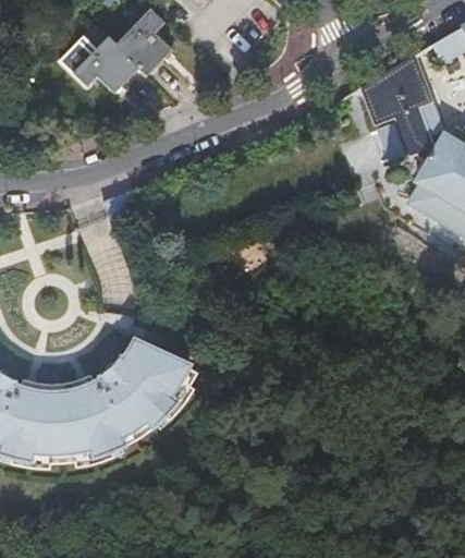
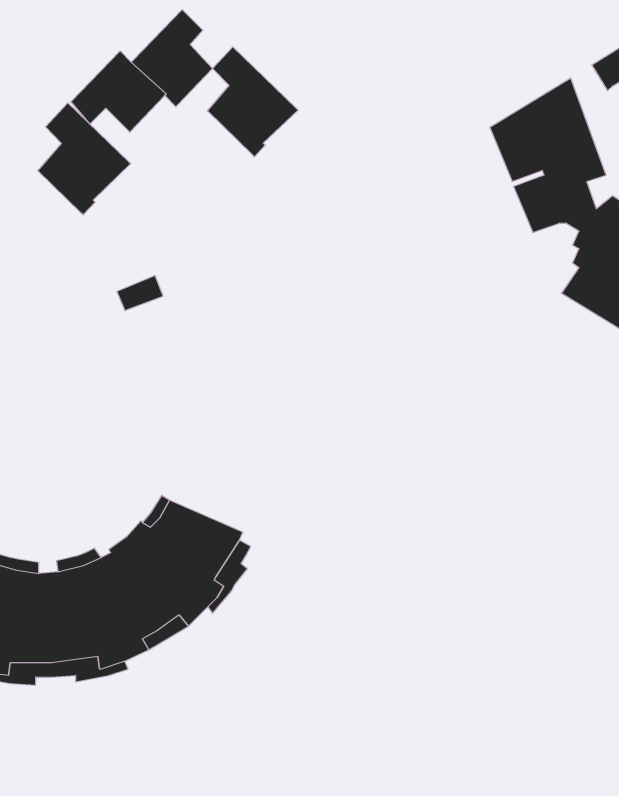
building: none -> [207,47,298,157]
building: none -> [38,103,131,215]

